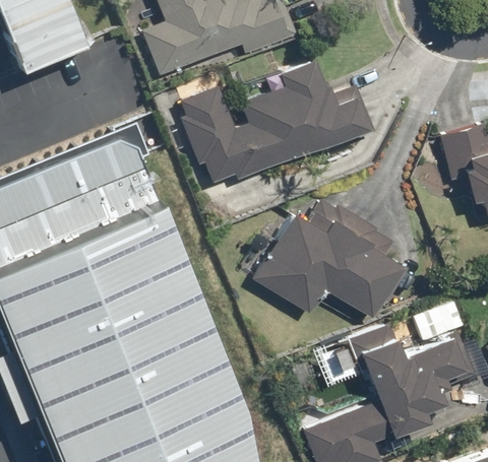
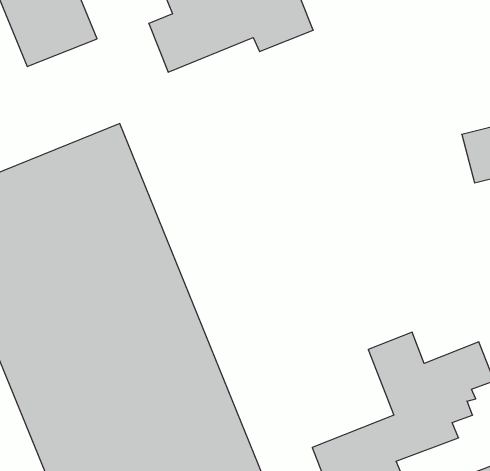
building: [176,55,375,191] -> none
building: [253,197,412,318] -> none

